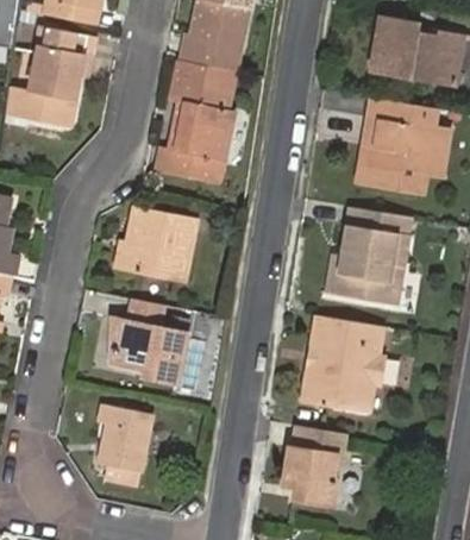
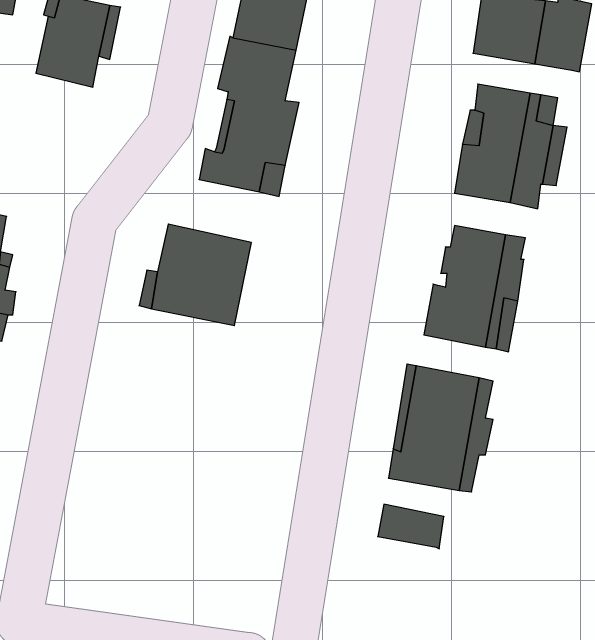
building: [25,89,75,123] -> none
building: [109,300,184,384] -> none
building: [99,402,151,472] -> none
building: [284,446,340,504] -> none

